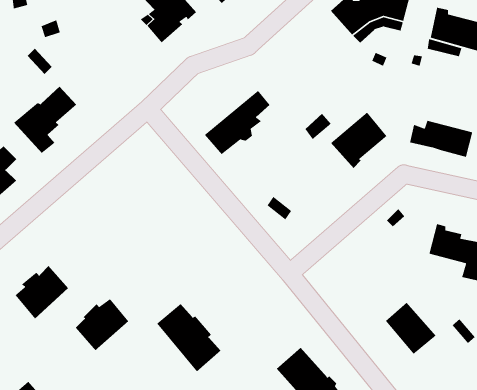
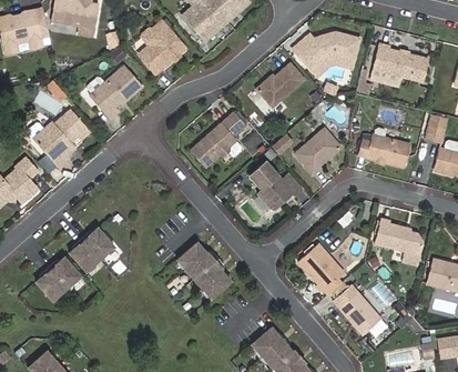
building: none -> [255,61,302,103]
building: none -> [89,66,141,117]
building: none -> [248,161,299,209]
building: none -> [301,241,347,290]
building: [75,298,129,351] -> [69,225,113,269]
building: [156,303,221,373] -> [179,240,232,296]

